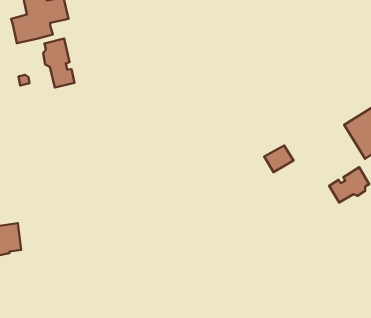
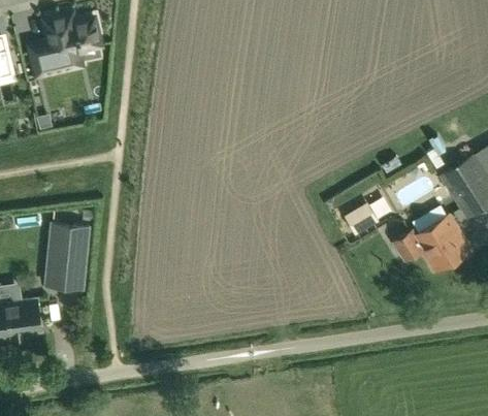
building: [43,39,75,88] -> none
building: none -> [395,214,460,261]
building: none -> [45,222,89,287]

